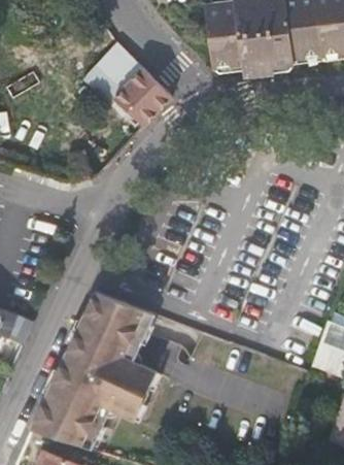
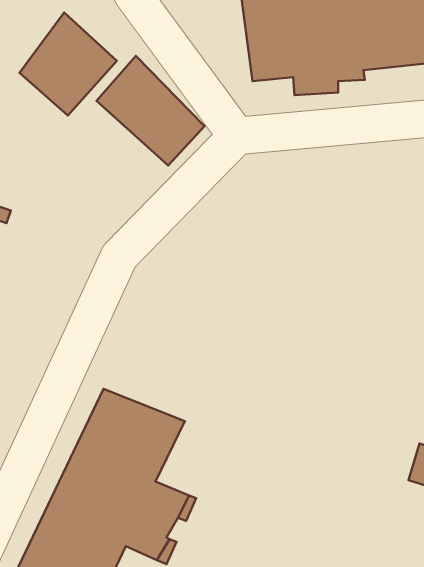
building: none -> [19,12,117,115]

